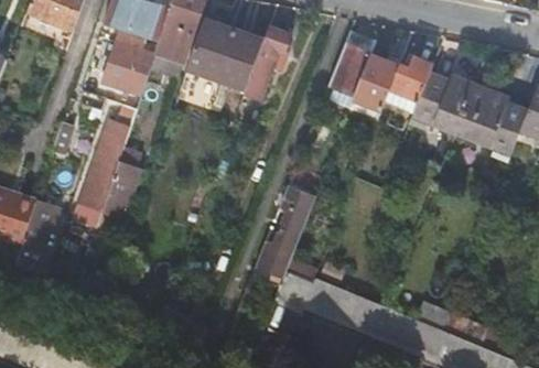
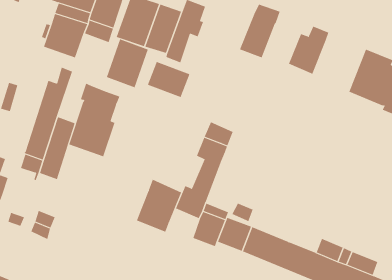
building: [349,55,399,120] -> none
building: none -> [106,39,149,88]
building: [410,74,474,133] -> none
building: none -> [147,61,190,98]
building: none -> [69,83,120,157]
building: none -> [136,179,182,233]

